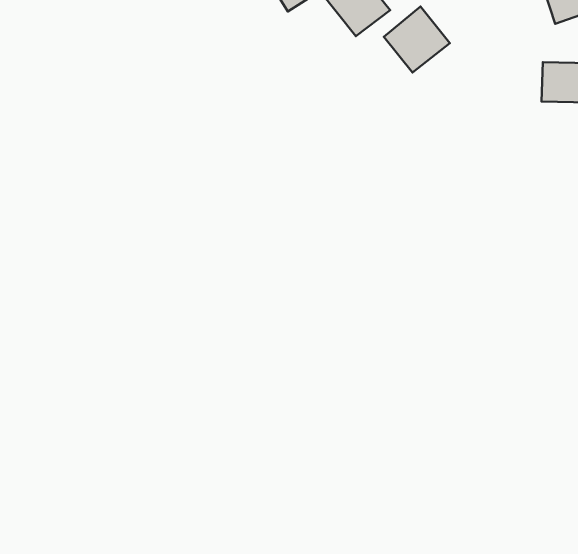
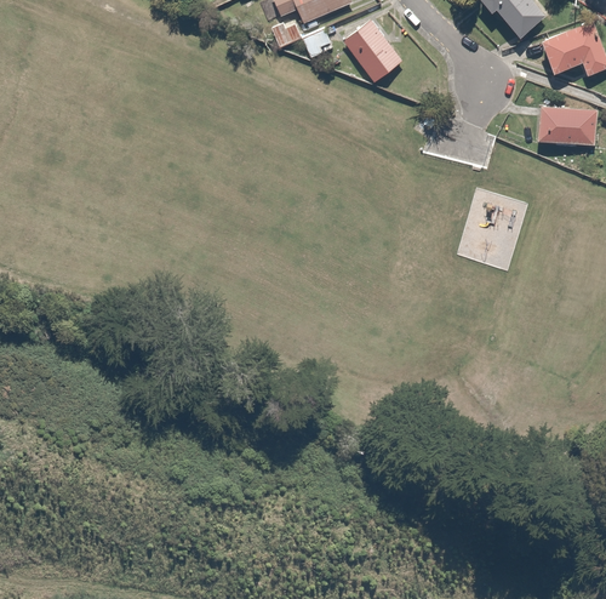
building: [384,6,450,72] -> none

